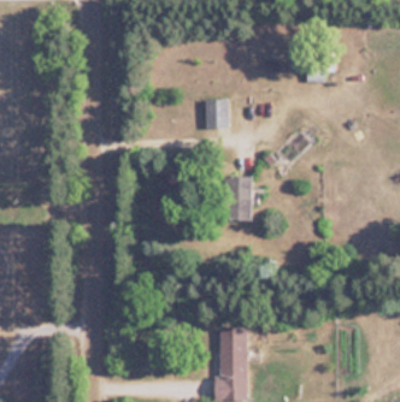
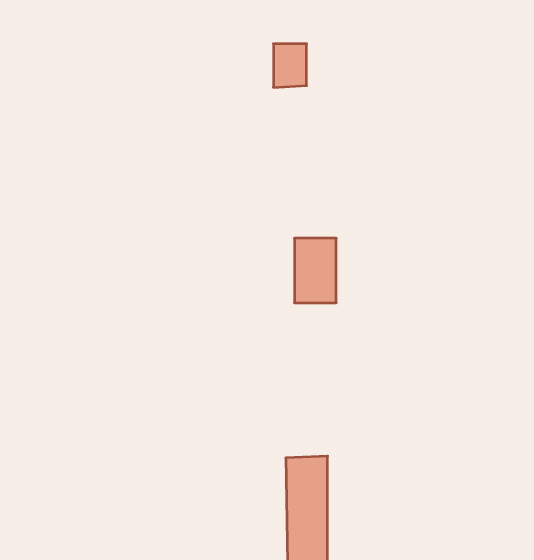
building: [206,99,229,129] -> [273,44,307,87]

